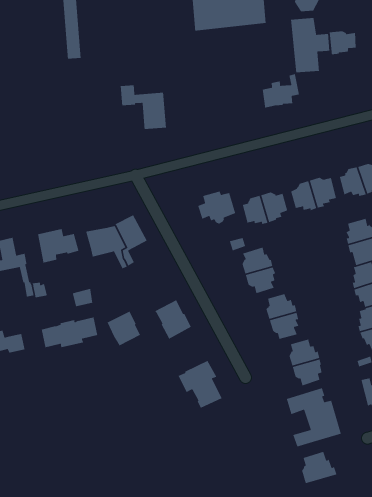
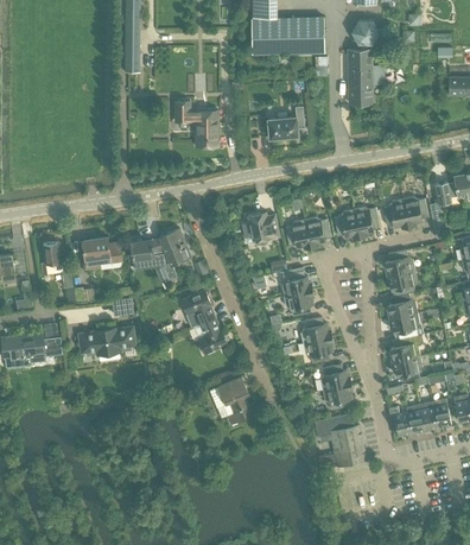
building: [329,30,356,55] -> none
building: [262,73,300,108] -> [267,106,304,138]
building: [106,311,141,347] -> [180,290,214,324]
building: [301,451,337,484] -> none

